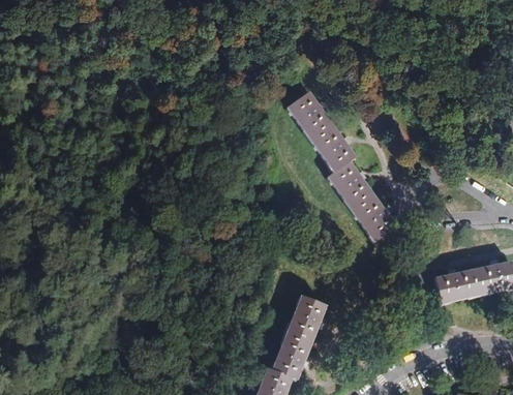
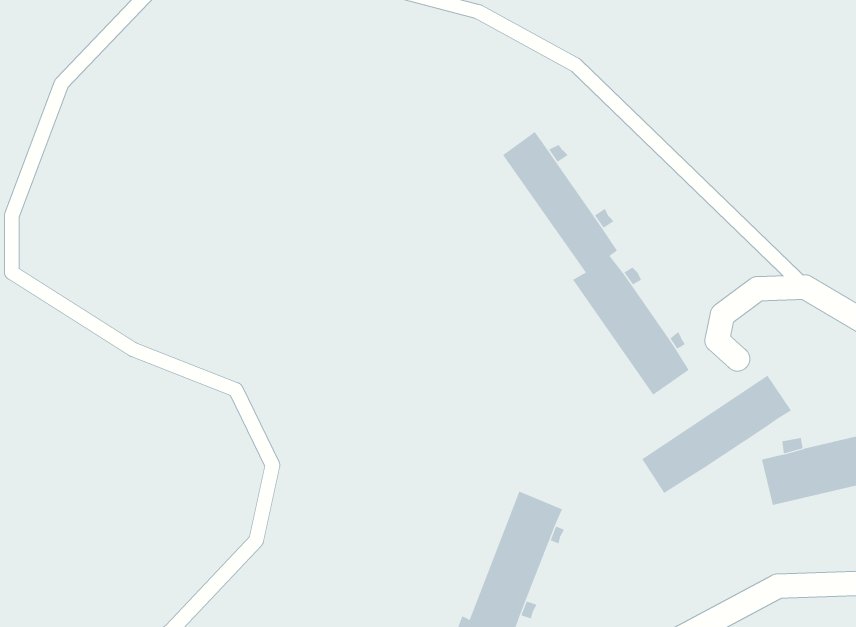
building: none -> [641,375,792,494]

